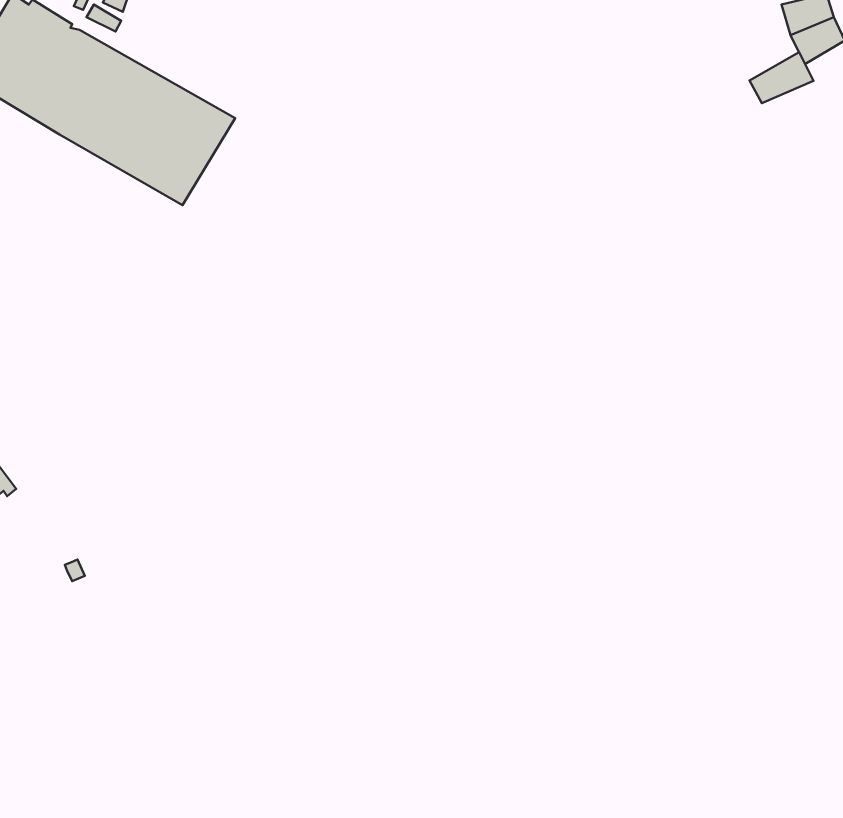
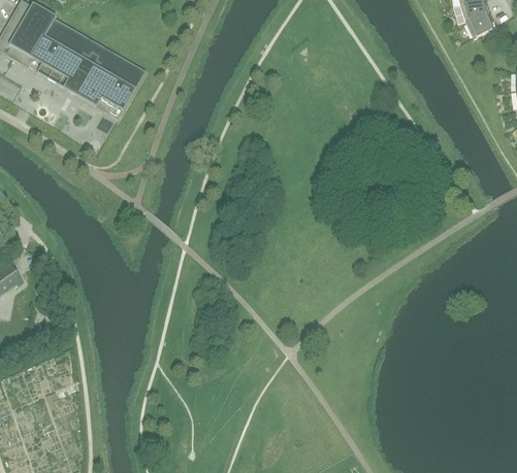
building: [750,52,813,103] -> none

